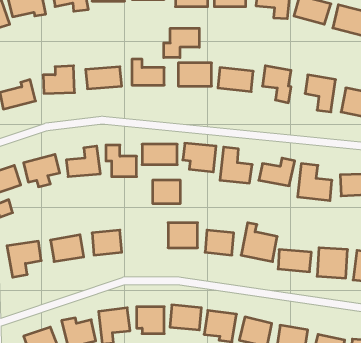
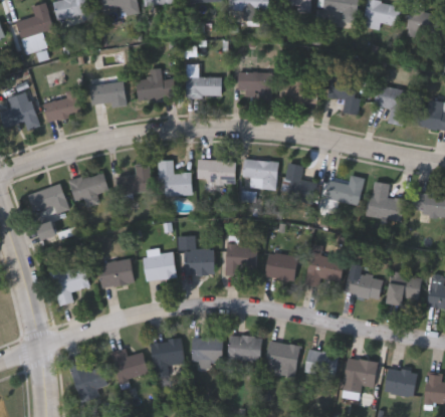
building: [164,28,199,58] -> none
building: [153,180,180,203] -> [184,250,214,275]

